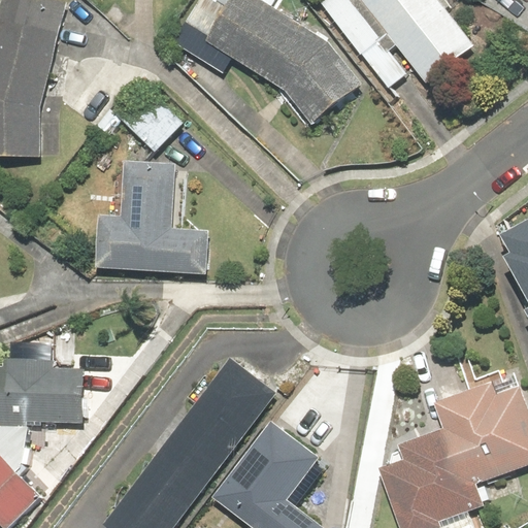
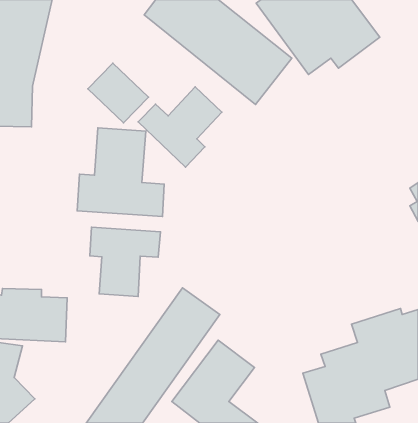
building: none -> [138,87,222,167]
building: none -> [90,227,160,296]

